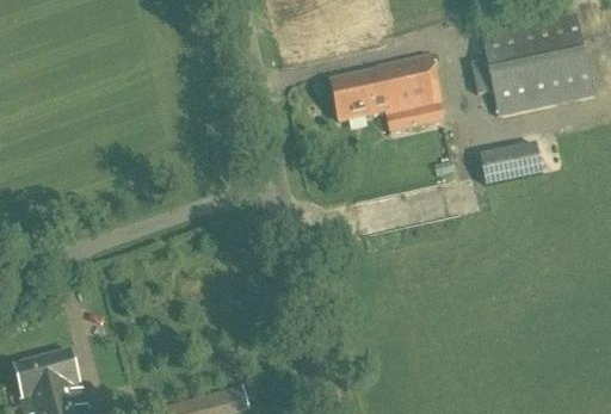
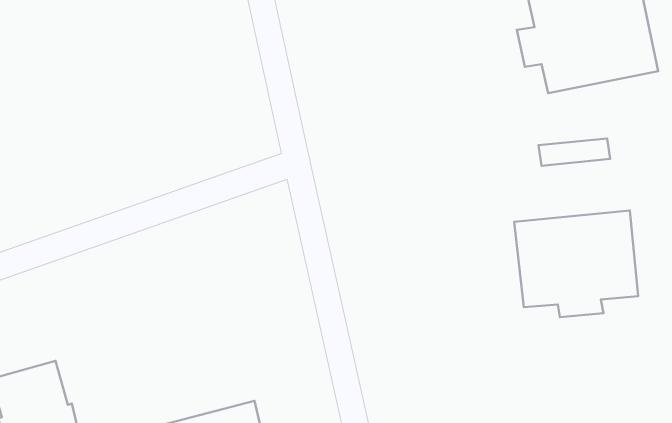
building: [329,52,444,129] -> none
building: none -> [514,210,638,317]

